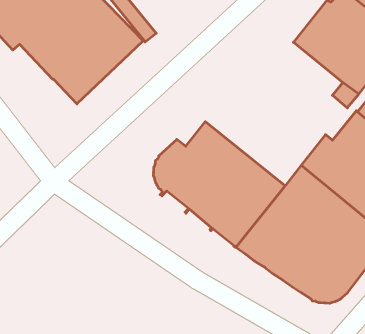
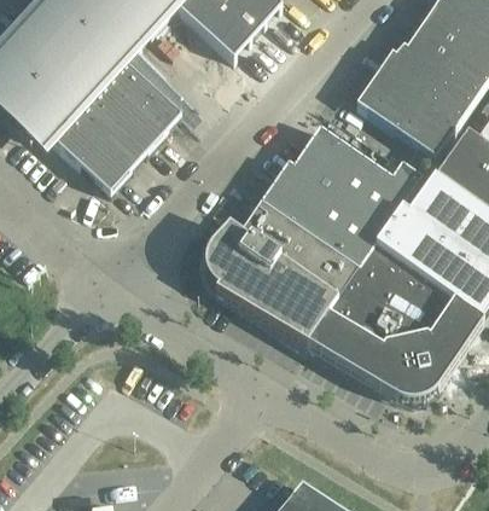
building: none -> [261,126,423,268]

